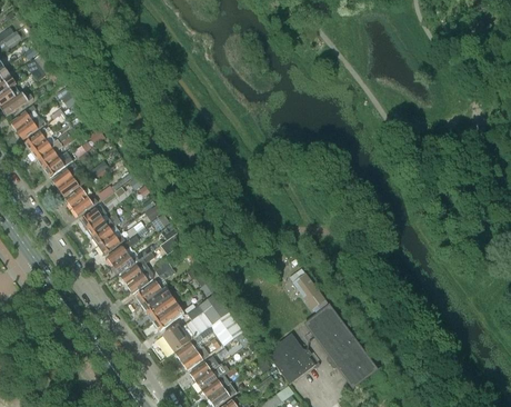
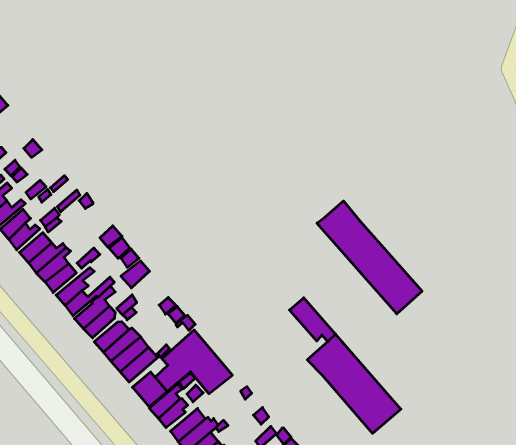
building: none -> [317,201,422,314]
building: [264,332,314,384] -> none

